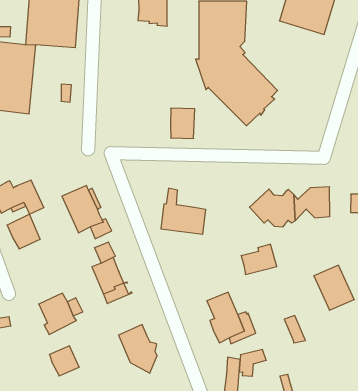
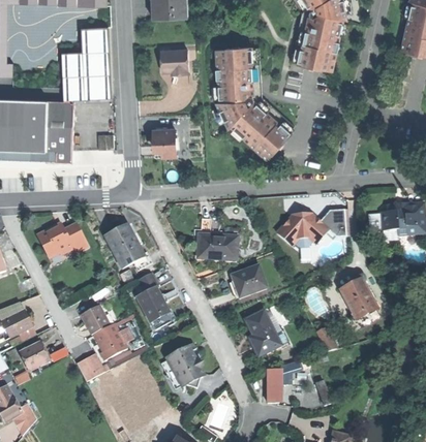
building: [171,108,195,138] -> [153,128,176,156]
building: [7,214,40,249] -> [78,303,109,335]
building: [241,244,277,274] -> [234,266,267,295]
building: [49,346,79,376] -> [75,352,103,380]

